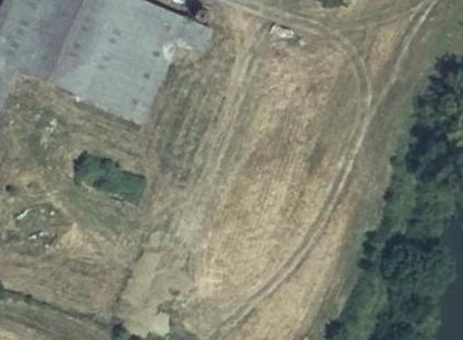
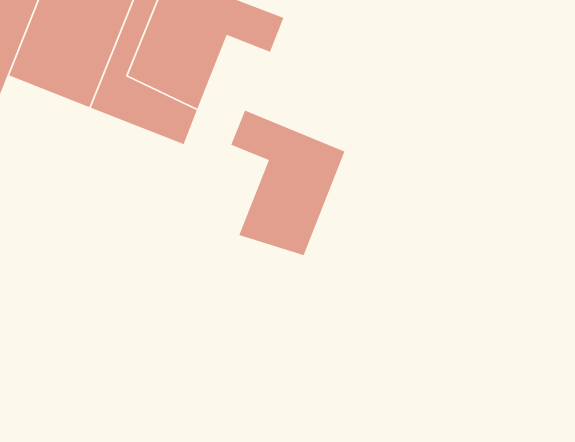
building: none -> [230,110,346,256]

